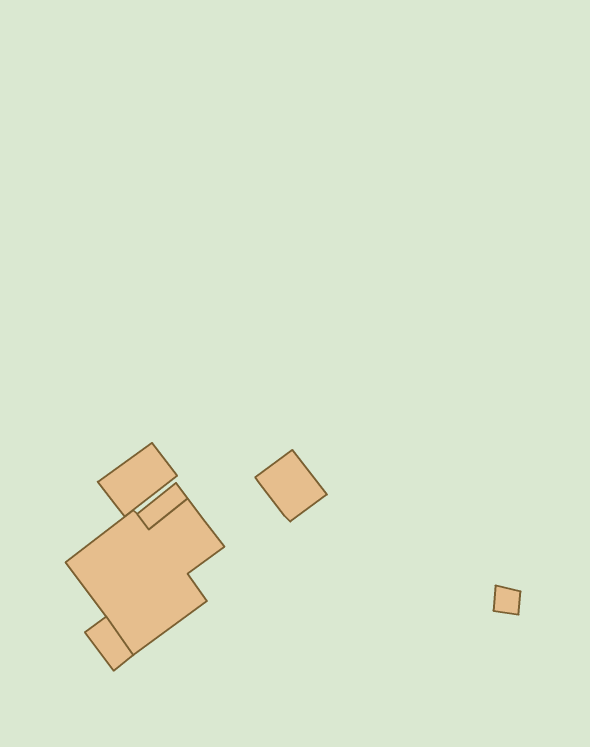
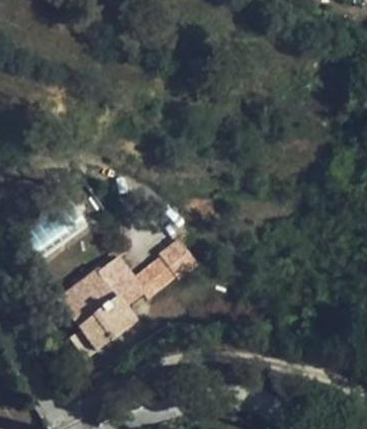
building: [98,443,177,517] -> [134,256,176,294]

